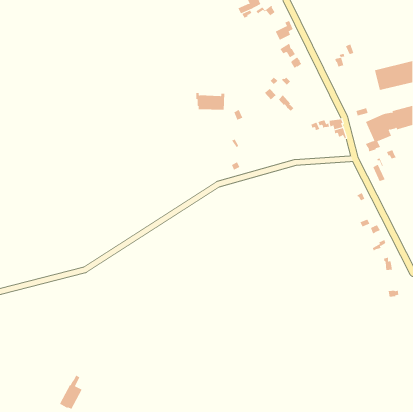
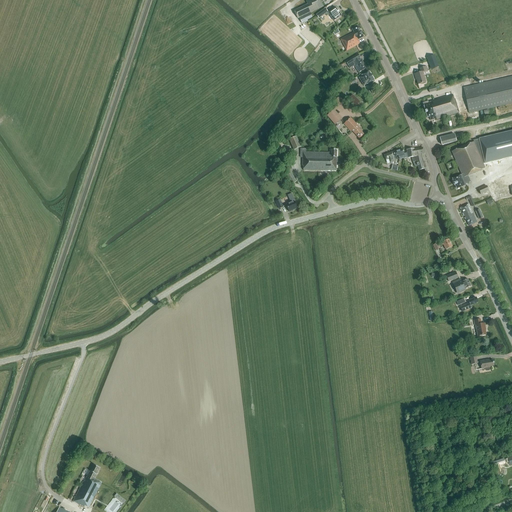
building: none -> [423,94,459,119]
building: [195,92,225,110] -> [300,148,337,170]

